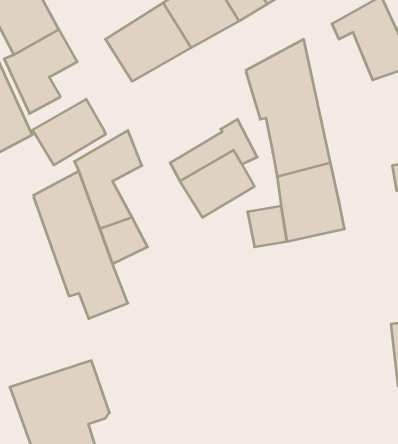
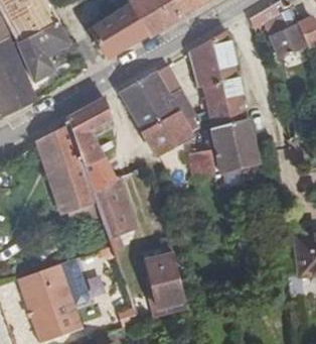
building: [33,99,106,165] -> [119,71,171,118]
building: none -> [93,179,135,237]
building: none -> [146,253,187,316]

